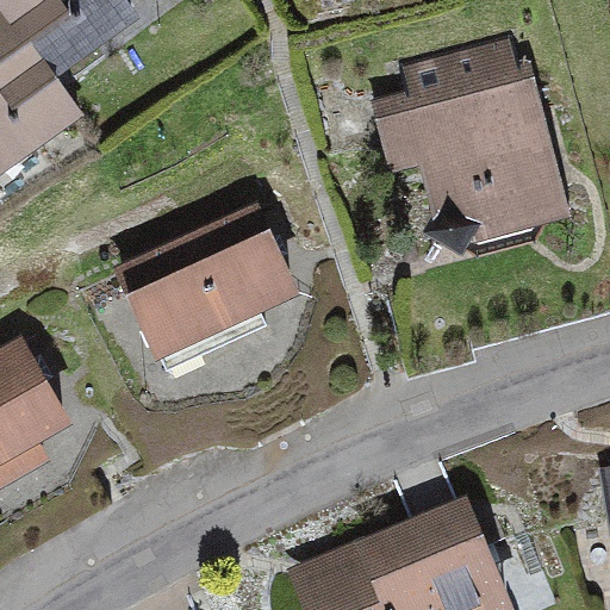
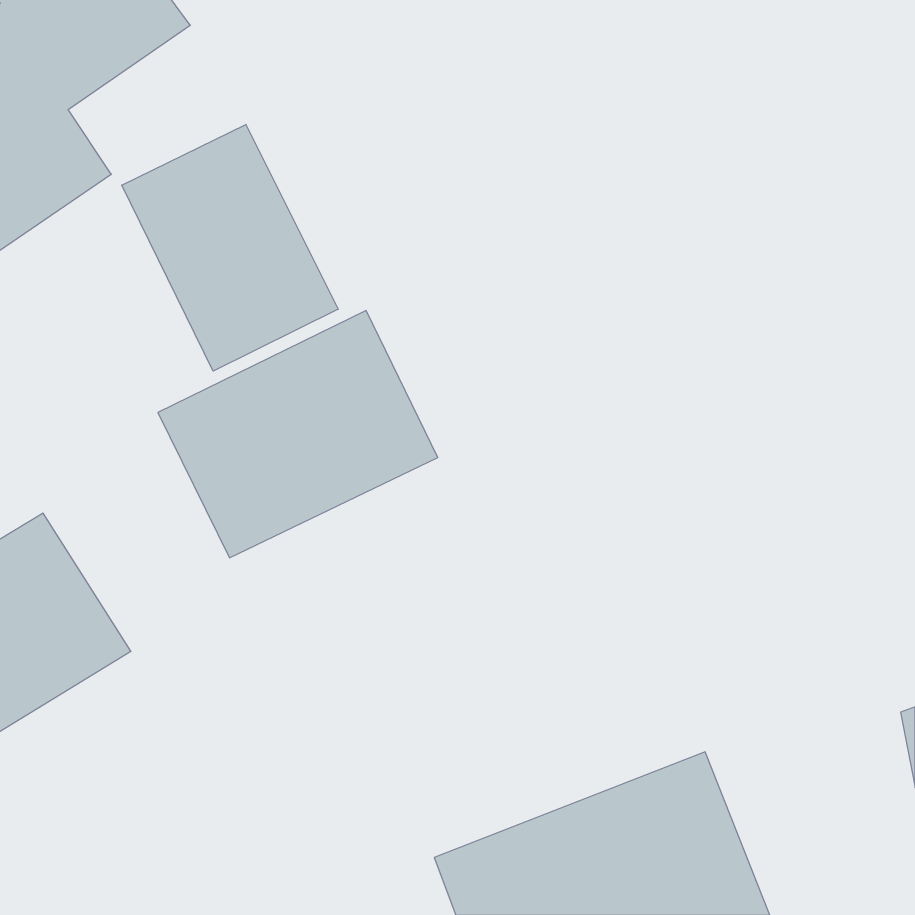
building: [384,49,584,259] -> none
building: none -> [122,124,338,371]

